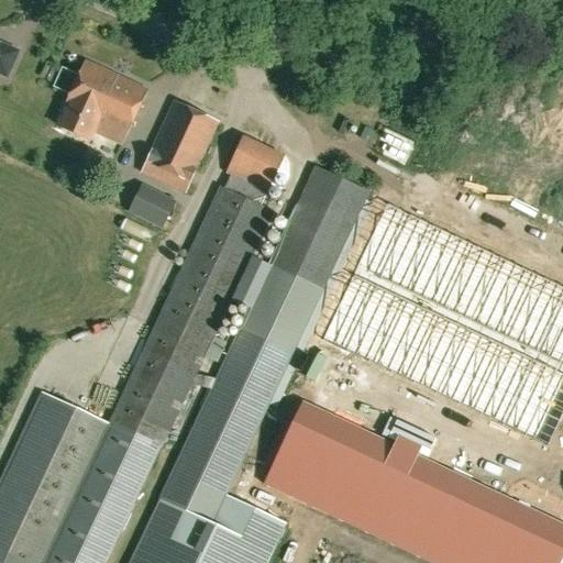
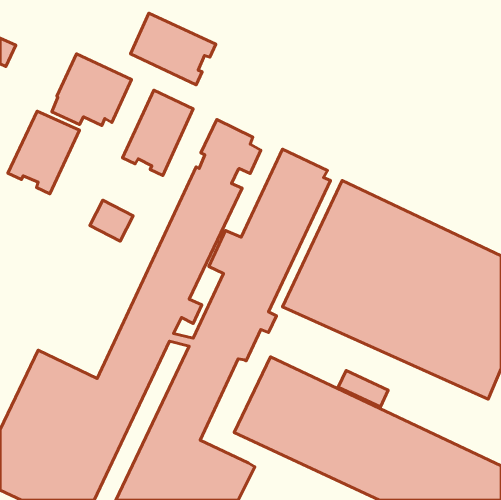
building: none -> [130,13,216,85]
building: none -> [8,111,79,194]
building: [128,184,176,230] -> [90,200,133,241]

